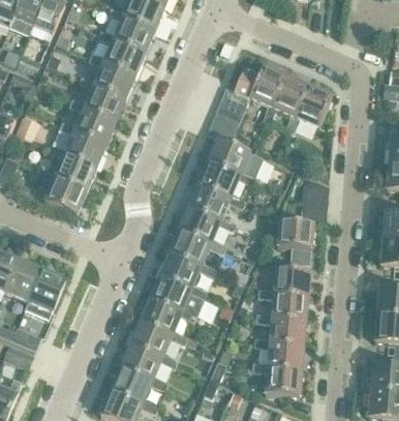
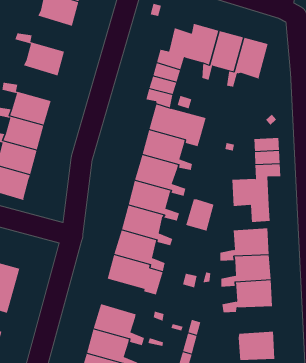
building: [99,30,146,77] -> none
building: [80,76,126,122] -> none
building: none -> [186,198,214,231]
building: [139,299,186,344] -> none
building: [252,342,303,371] -> none

